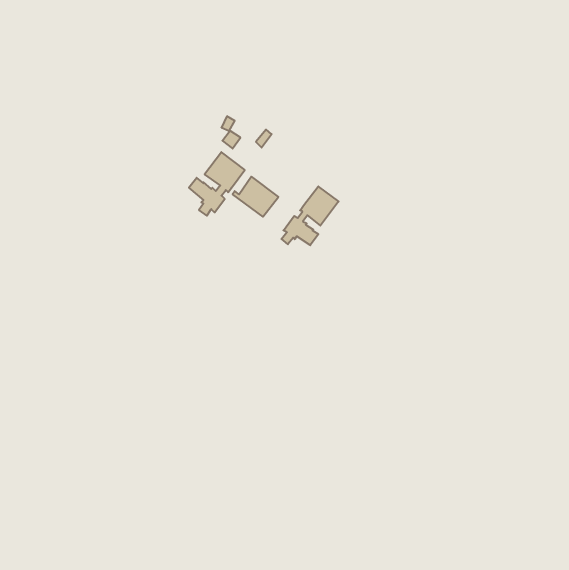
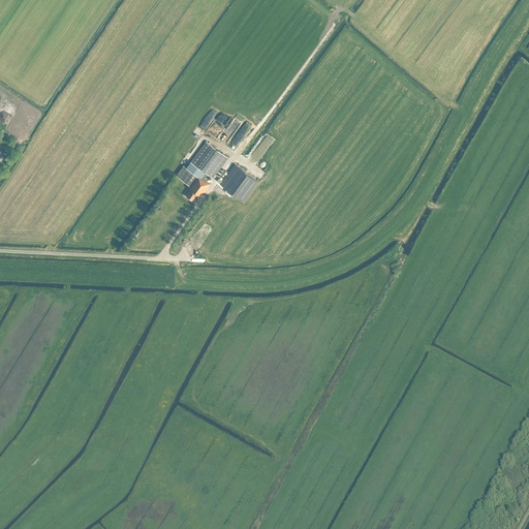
building: [281,186,339,245] -> none

